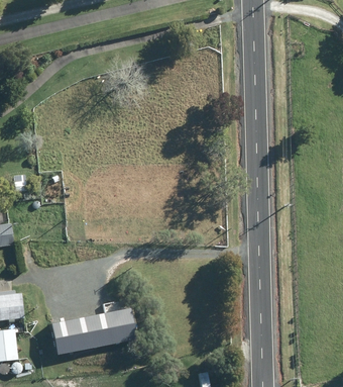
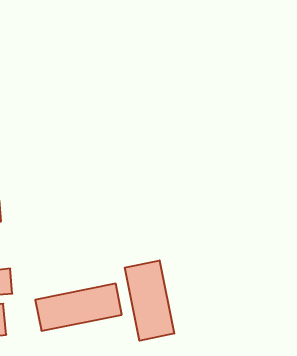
building: none -> [125,260,174,341]

